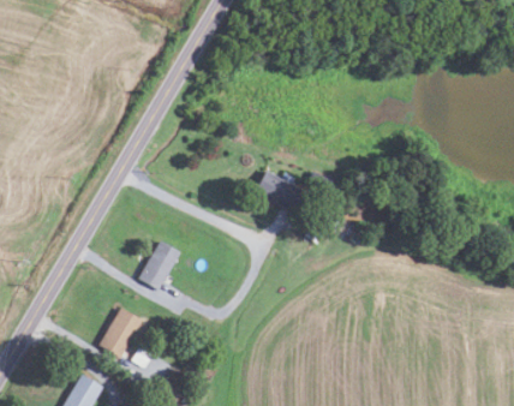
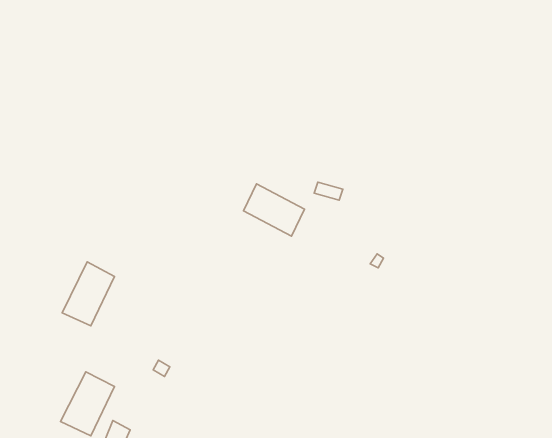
building: [138,239,181,289] -> [62,262,114,326]

